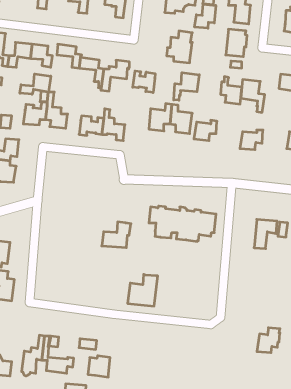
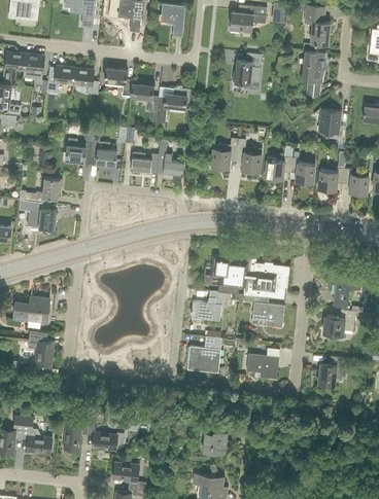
building: [195,4,216,28] -> none
building: [133,71,155,93] -> none
building: [174,73,199,100] -> none
building: [20,74,51,94] -> none
building: [221,77,242,104] -> [289,151,314,183]
building: none -> [343,168,368,194]
building: [102,222,131,248] -> [191,290,225,320]
building: none -> [242,294,284,327]
building: none -> [323,310,355,334]
building: none -> [246,353,279,379]
building: [257,328,280,353] -> [317,356,344,385]
building: [88,356,110,377] -> [202,430,228,455]

